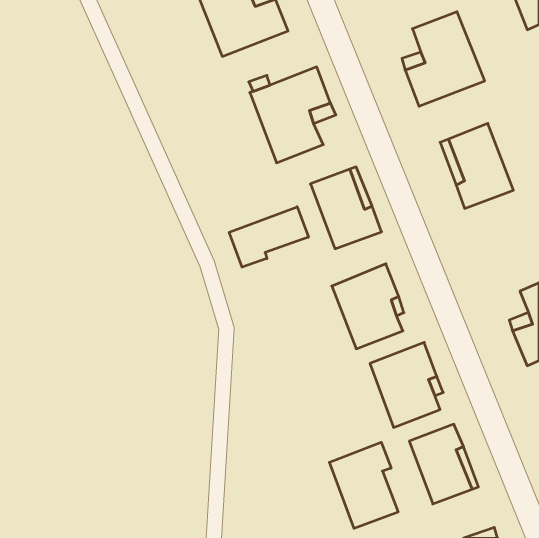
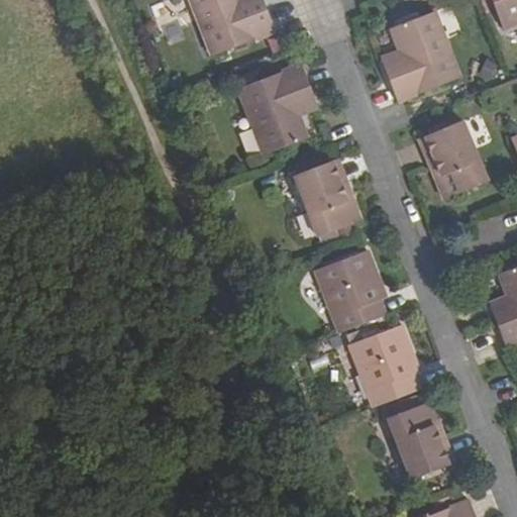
building: [229,207,308,267] -> none
building: [329,442,398,528] -> none

